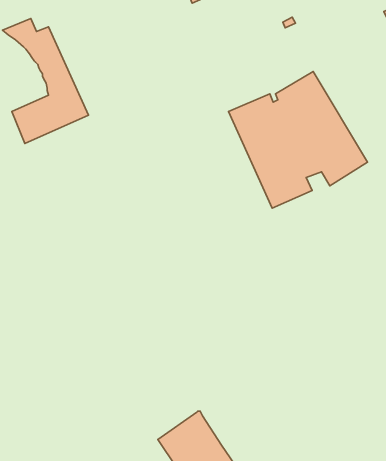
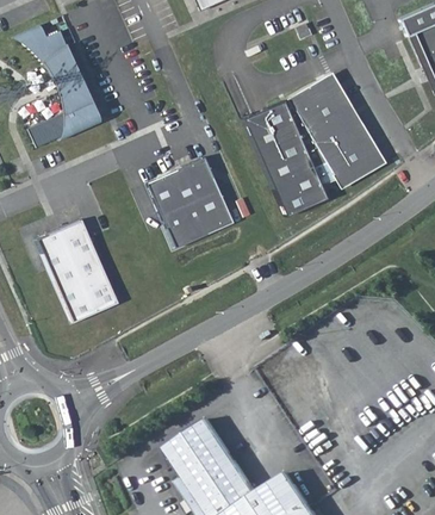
building: none -> [147,159,234,249]
building: none -> [36,219,118,323]

